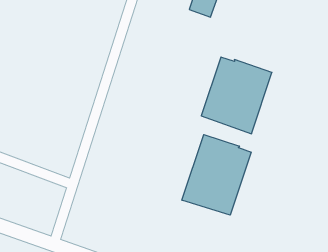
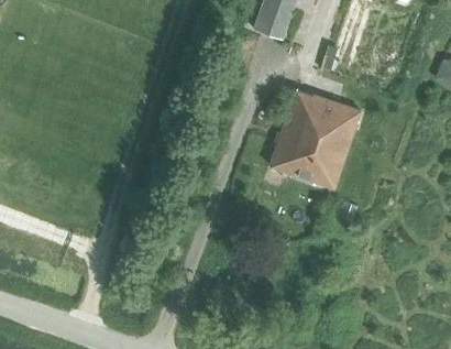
building: [182,135,251,215] -> none

